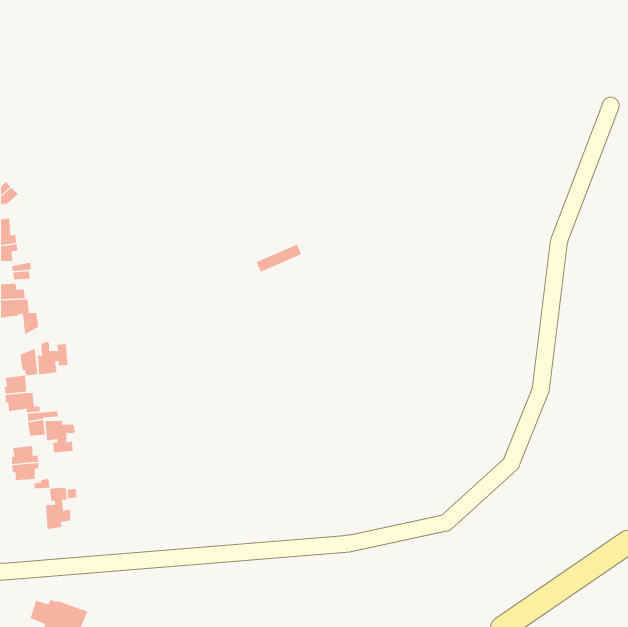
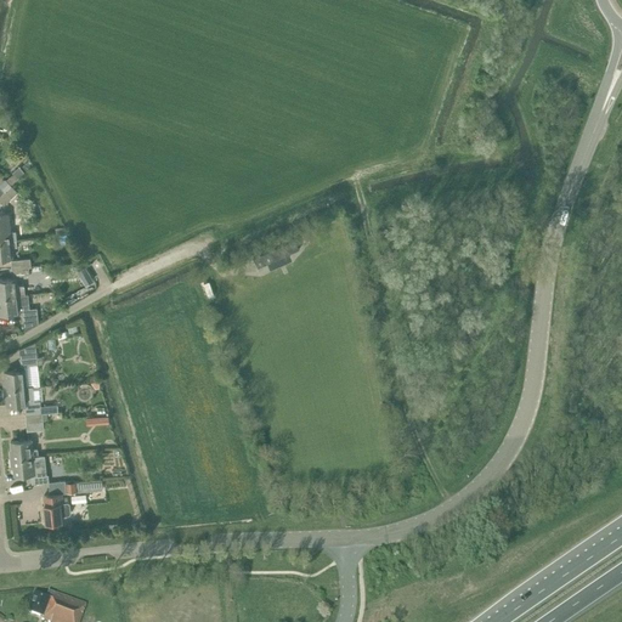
building: [37,341,69,375] -> none
building: [44,420,76,453] -> none

